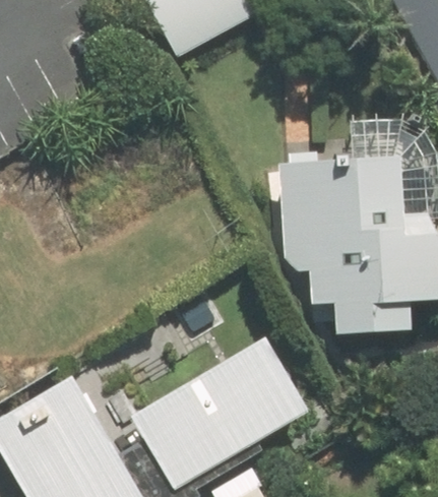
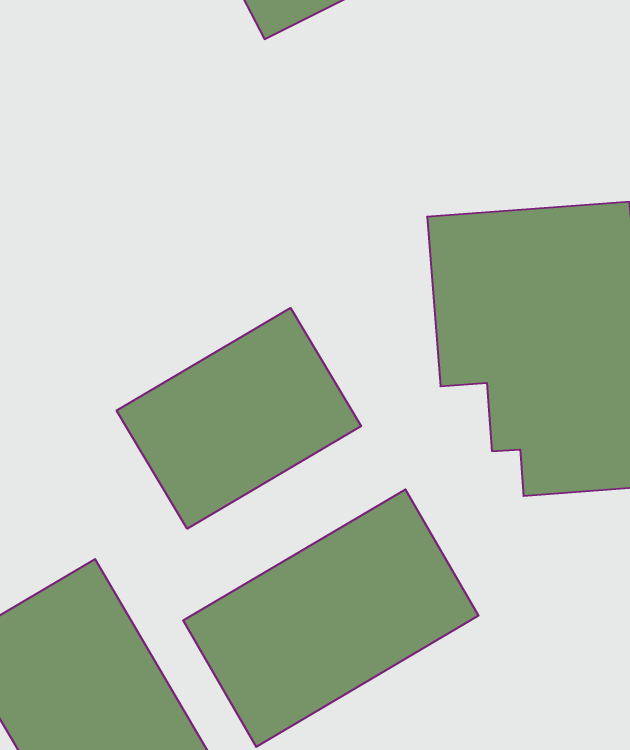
building: none -> [117,308,361,529]

